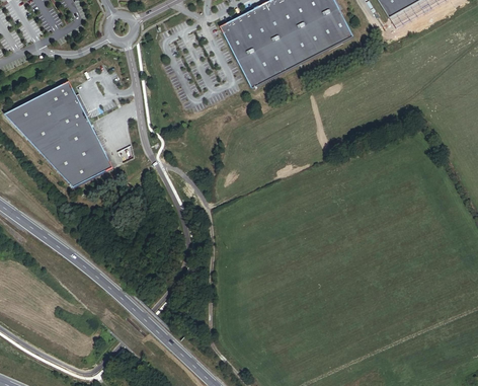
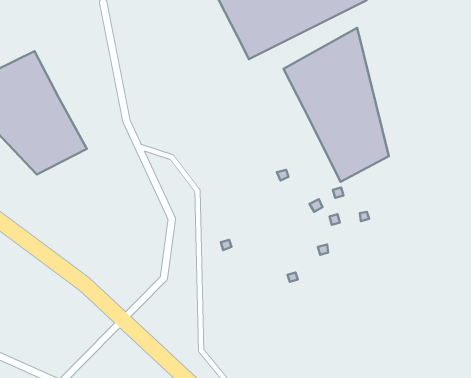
building: none -> [283,28,389,182]

